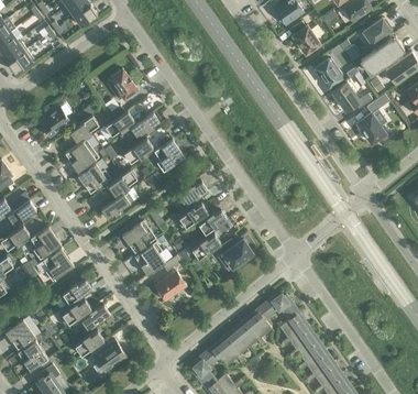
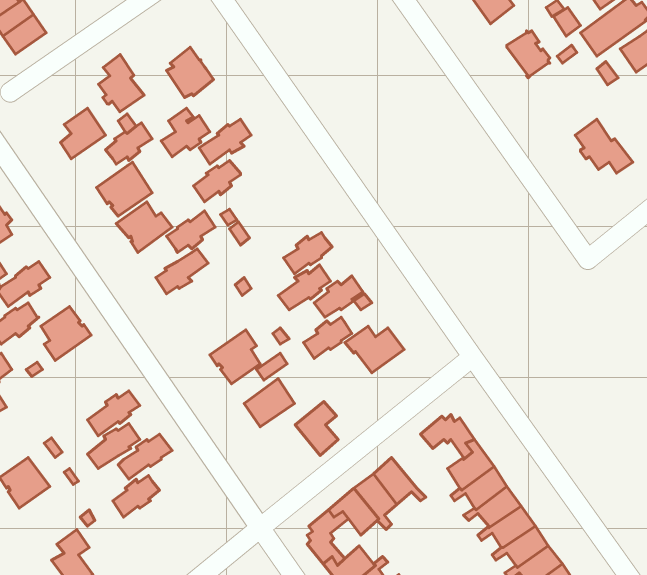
building: none -> [98,55,144,112]
building: [333,84,373,111] -> none
building: [154,140,185,174] -> none
building: [122,221,156,254] -> none
building: [43,249,74,282] -> none
building: [245,306,272,339] -> [295,402,338,456]
building: [18,341,48,372] -> none
building: [94,341,127,375] -> none

